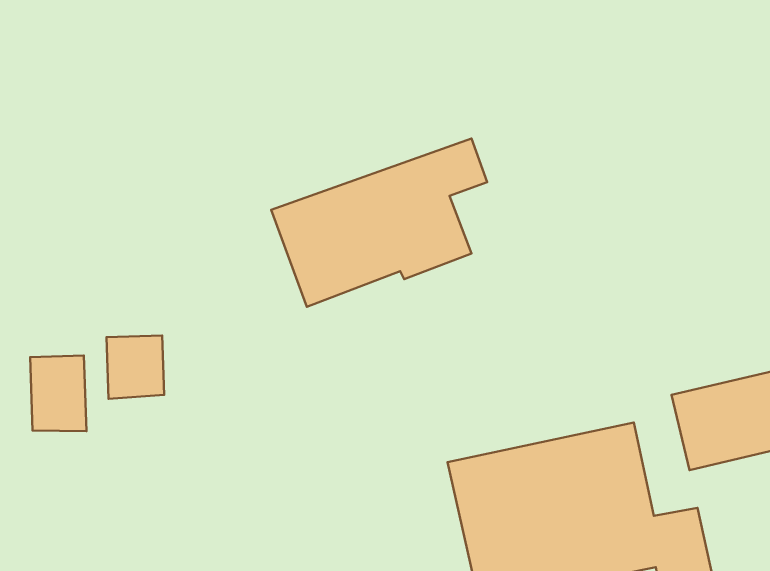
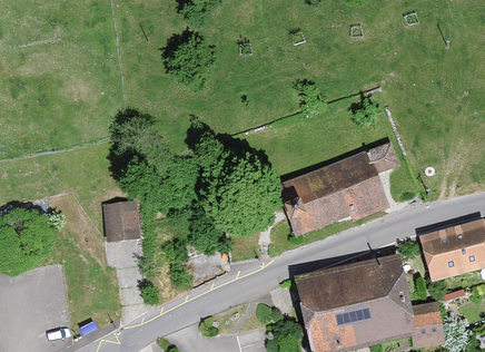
building: [271,138,487,307] -> [276,140,397,235]
building: [30,356,87,431] -> none

